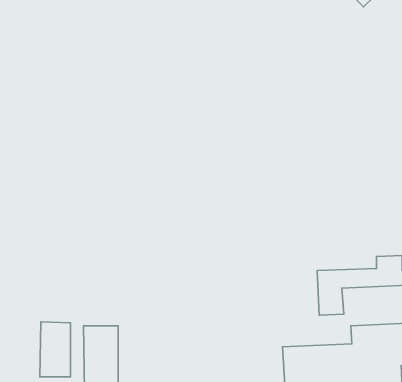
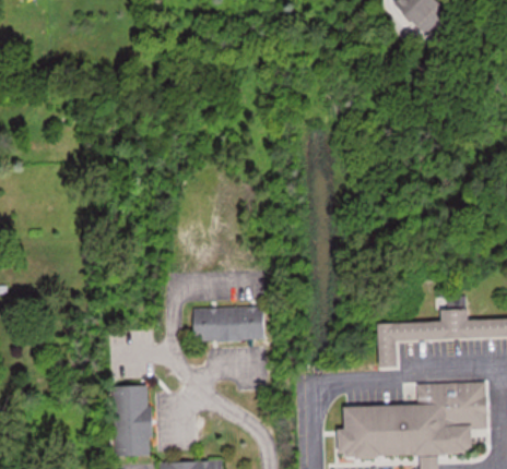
building: none -> [193,306,266,341]
building: [40,322,71,377] -> none

